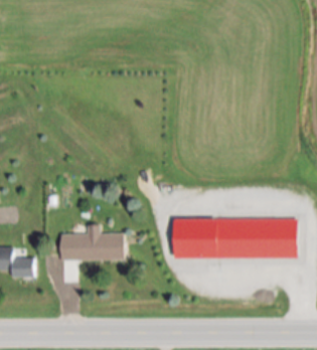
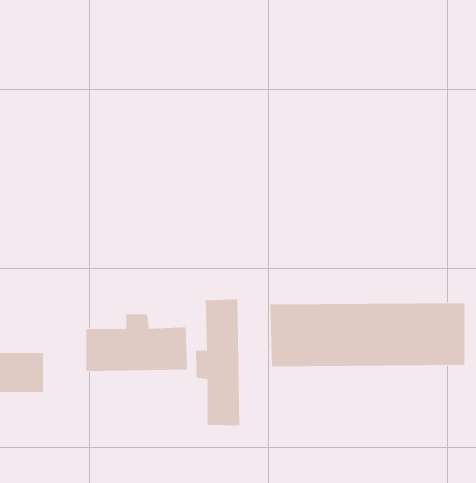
building: none -> [196,299,240,426]

